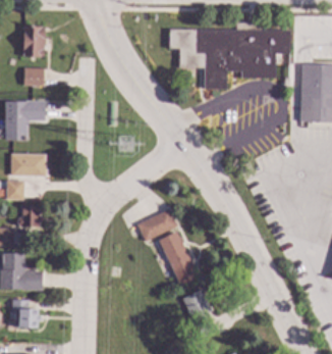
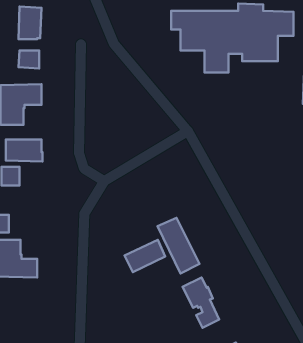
building: [17,206,43,227] -> none
building: [136,209,176,241] -> [124,240,165,272]
building: [11,300,41,328] -> none

